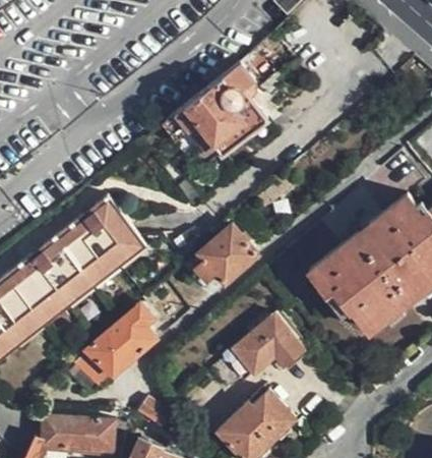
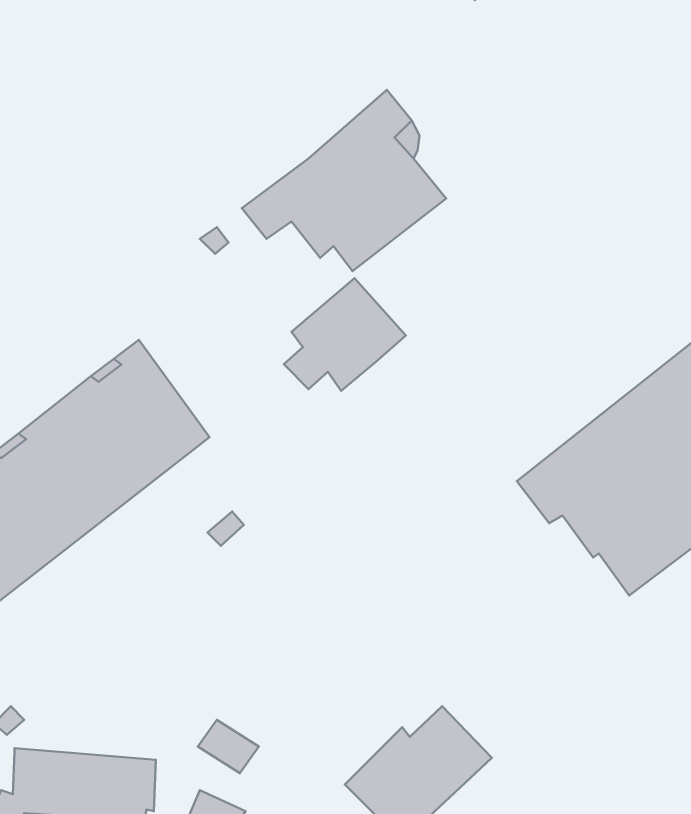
building: [193,225,258,285] -> [284,278,406,391]
building: [74,304,157,388] -> none
building: [210,313,306,390] -> none

